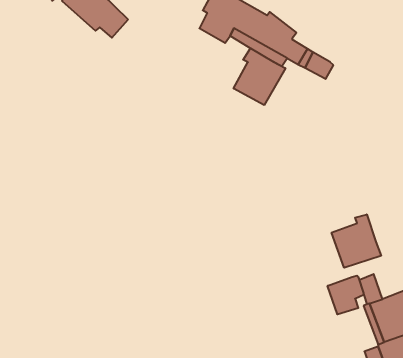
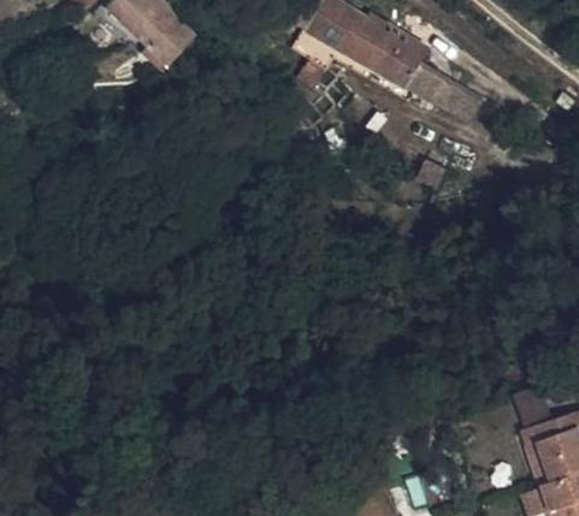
building: [234,48,285,105] -> none
building: [332,214,381,268] -> none
building: [328,276,364,314] -> none

